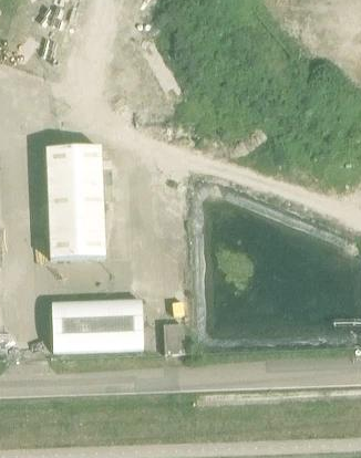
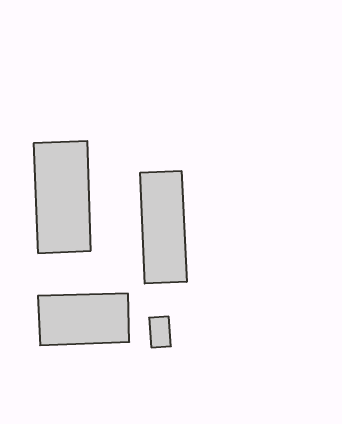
building: none -> [140,171,187,284]

